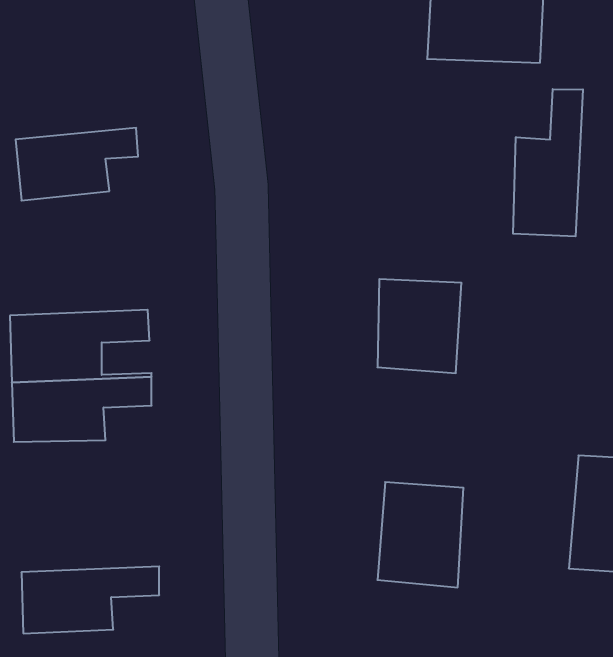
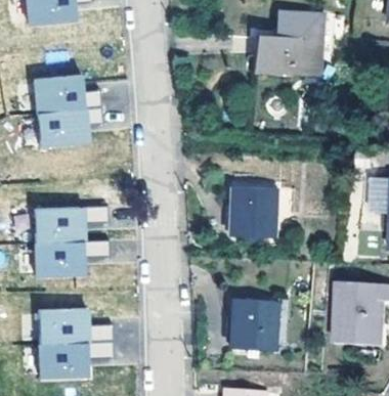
building: none -> [34,74,102,115]
building: [513,89,583,236] -> none
building: none -> [39,308,115,346]

